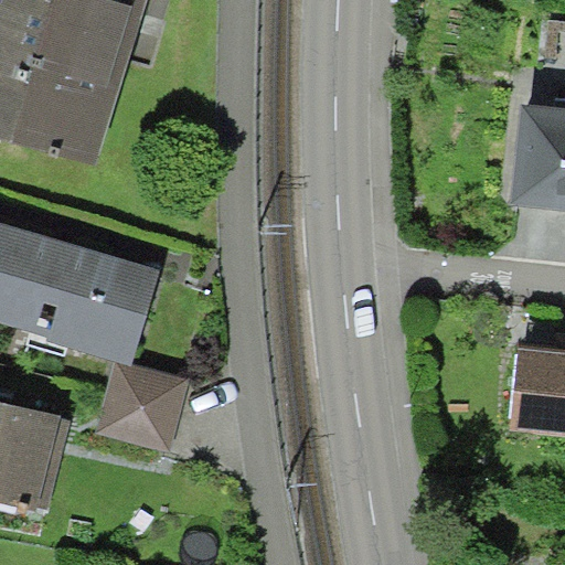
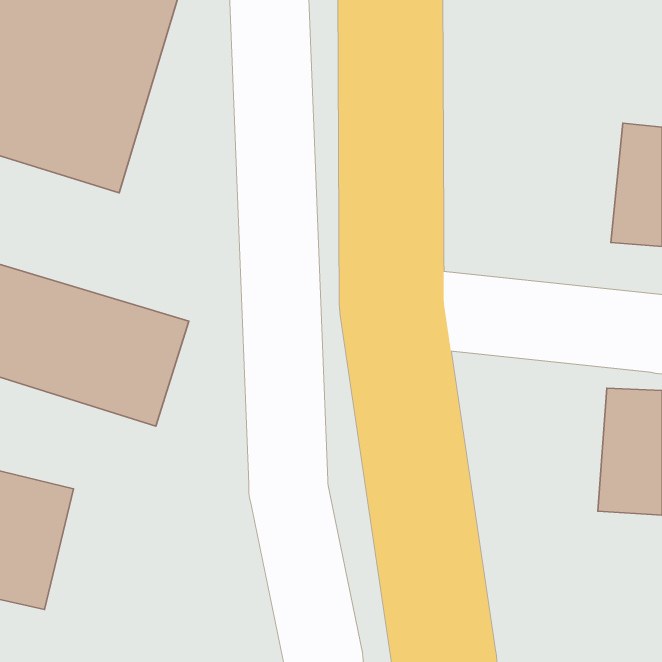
building: [94,361,188,455] -> none

